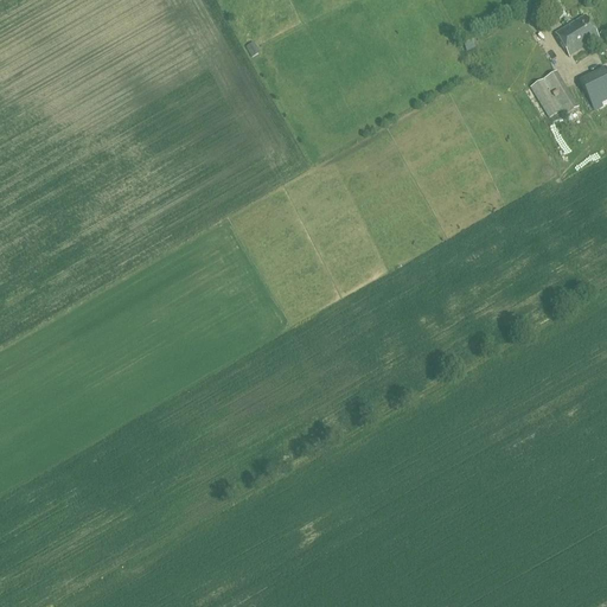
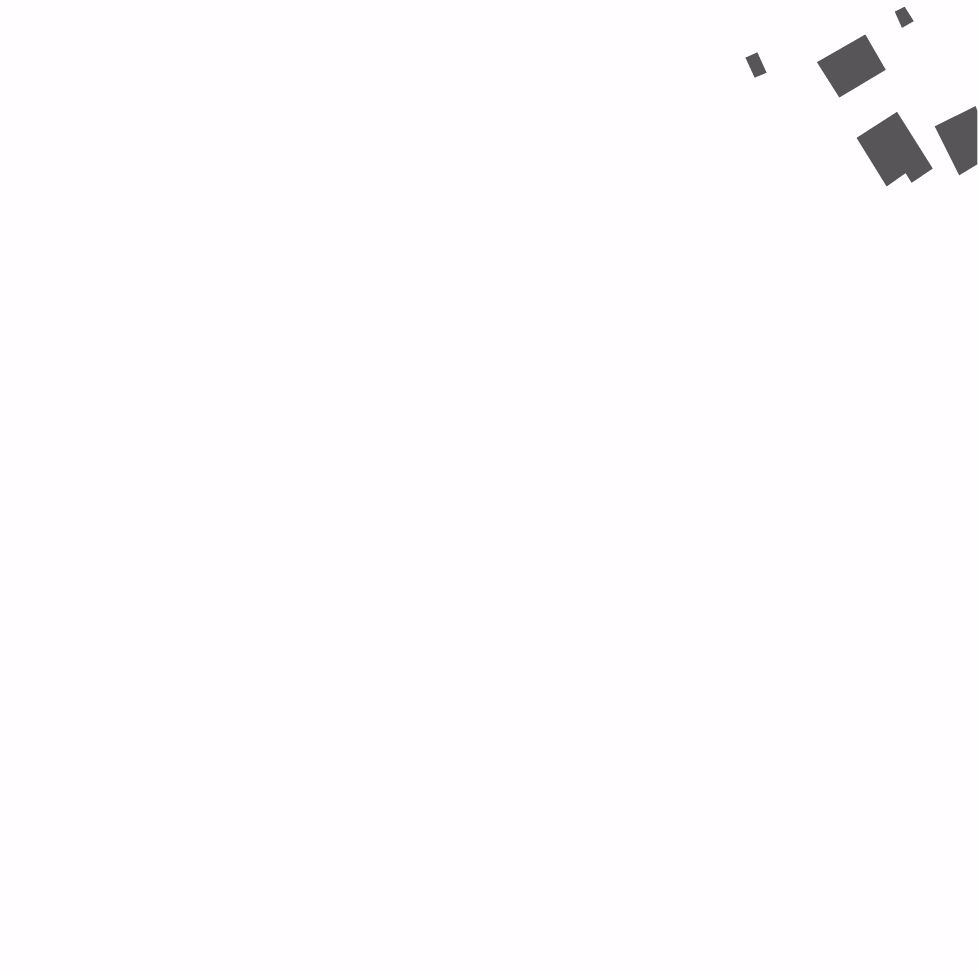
building: [555,13,599,53] -> [816,33,887,98]

